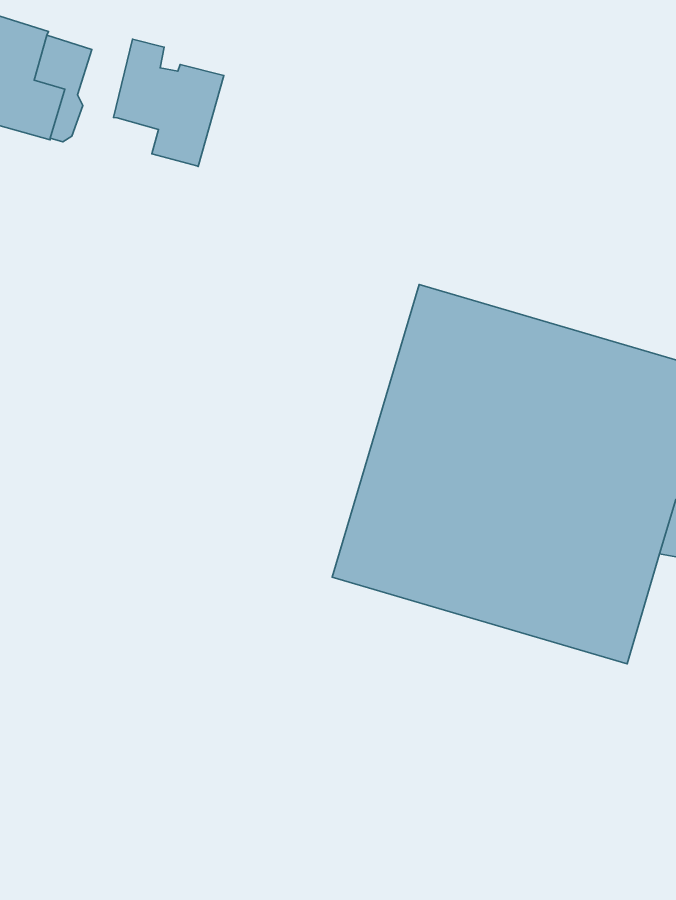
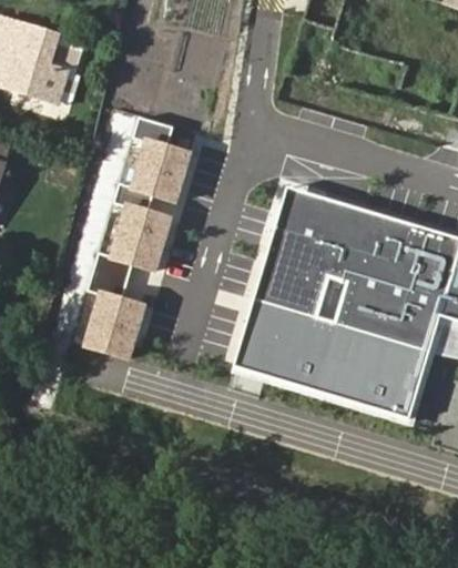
building: [113,39,224,167] -> none
building: none -> [75,115,202,356]

